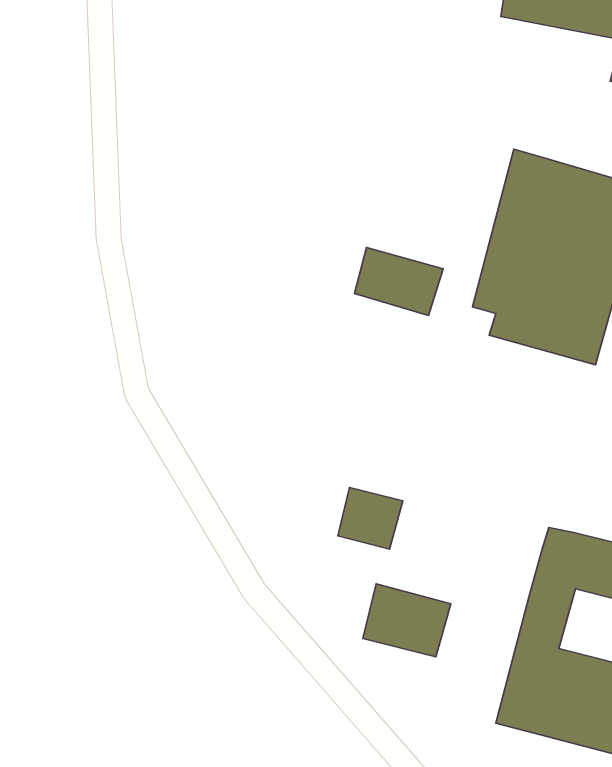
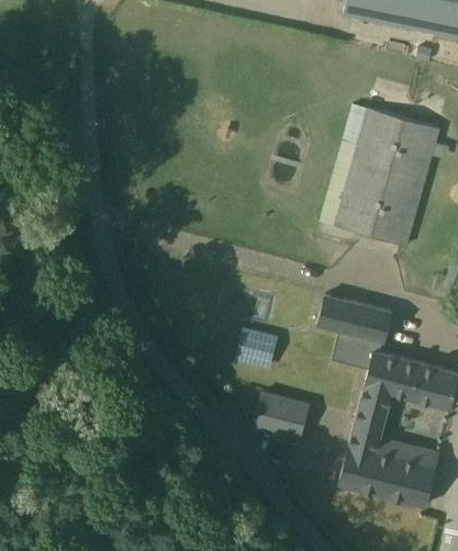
building: [354,247,443,315] -> none
building: none -> [317,294,392,368]

